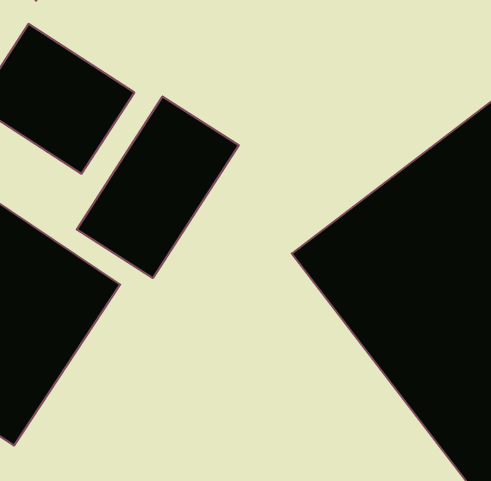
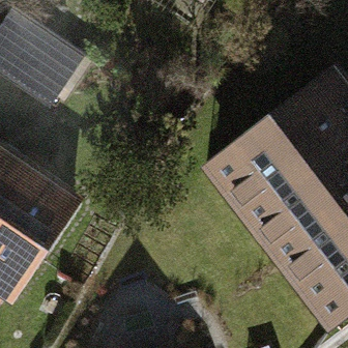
building: [77,96,239,278] -> none

